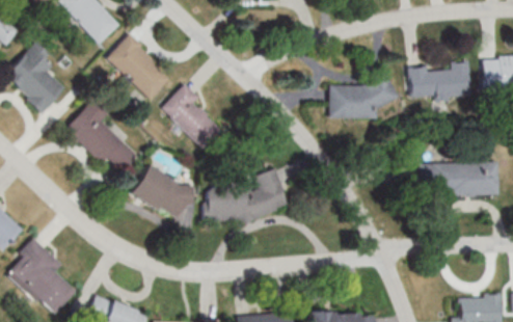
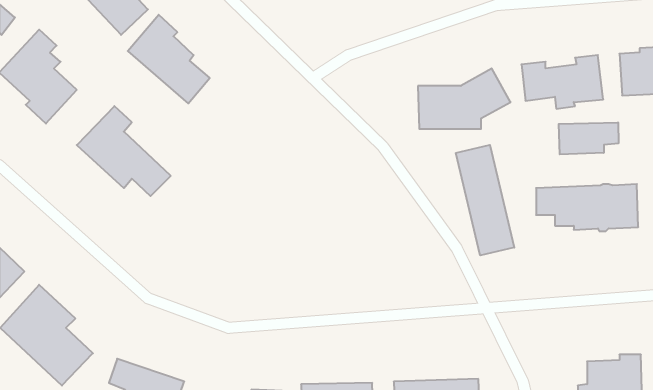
building: [162,84,222,150] -> none
building: none -> [559,122,618,154]
building: none -> [456,145,514,255]
building: [127,164,193,218] -> none
building: [201,168,288,225] -> none

